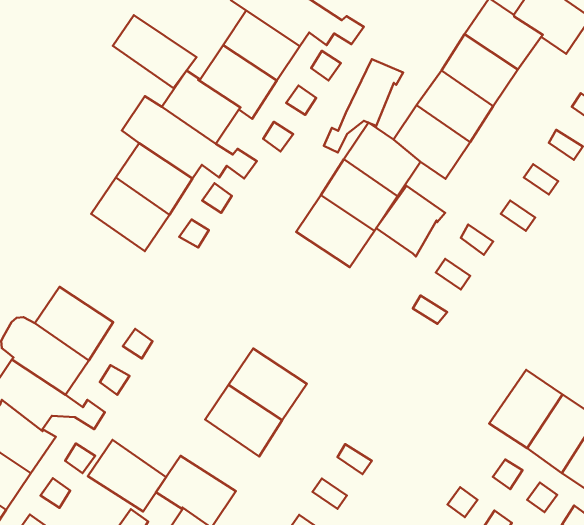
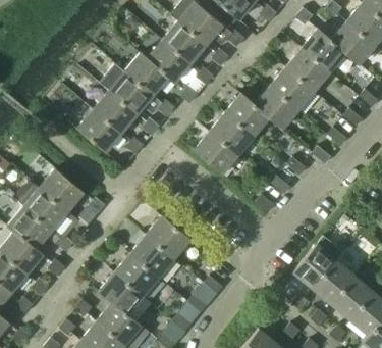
building: [113,15,196,88] -> none
building: [324,59,403,153] -> none
building: [376,186,445,257] -> none
building: [88,440,166,512] -> [114,253,159,296]

